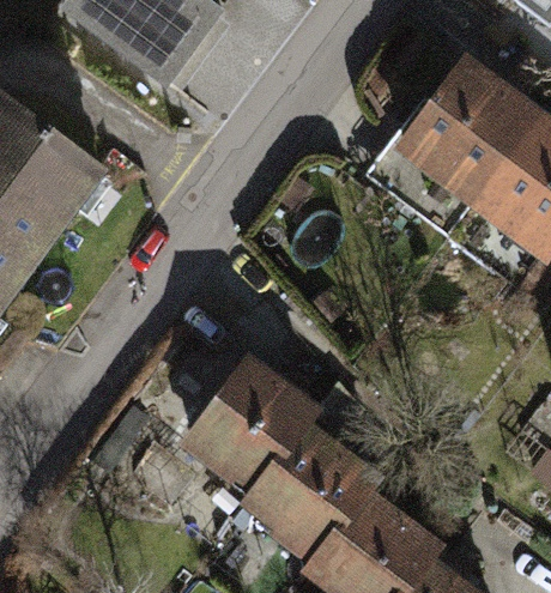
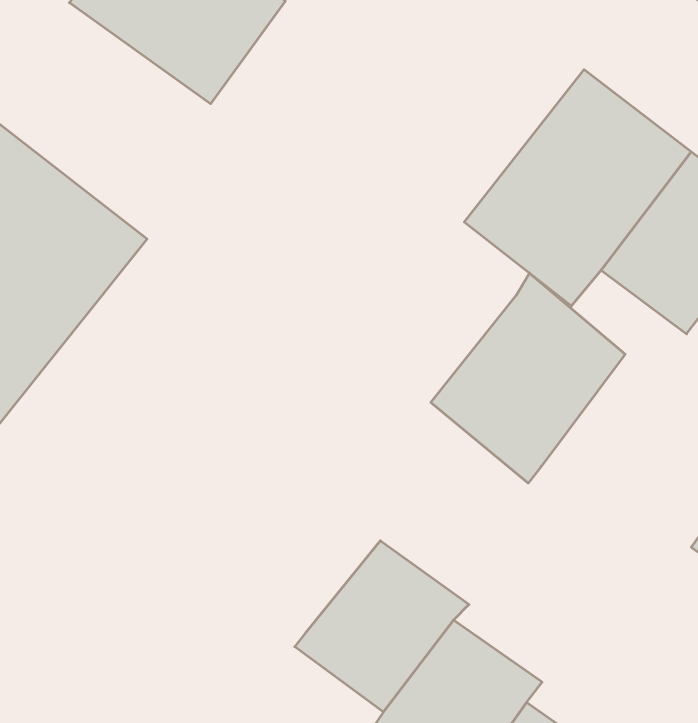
building: none -> [431,273,625,483]
building: [175,353,308,488] -> none

